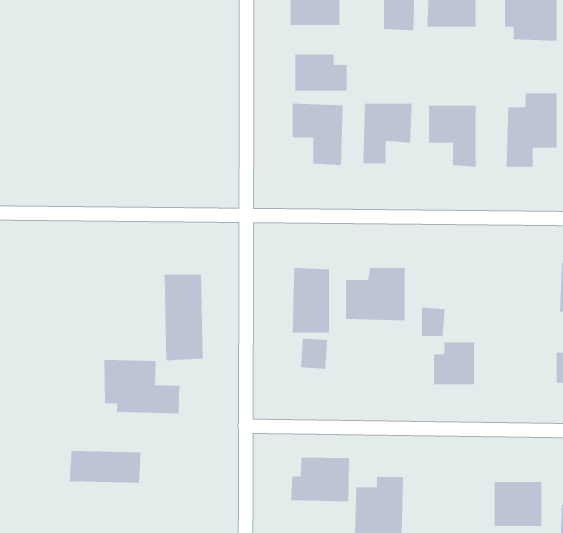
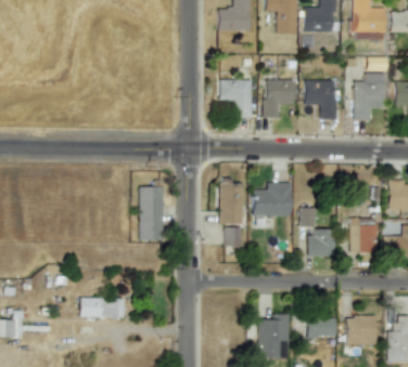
building: [295,54,347,91] -> none
building: none -> [350,218,378,252]
building: [104,359,180,414] -> none
building: [291,457,349,502] -> none
building: none -> [307,318,336,337]

